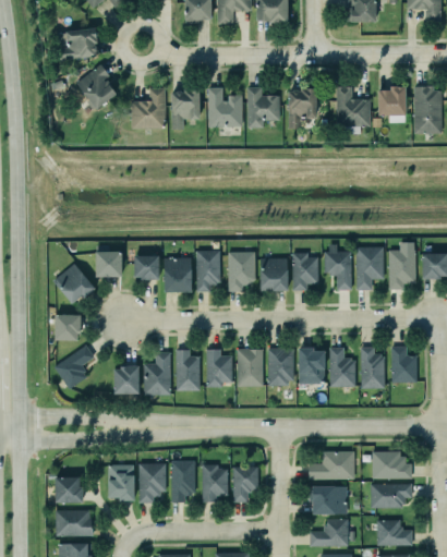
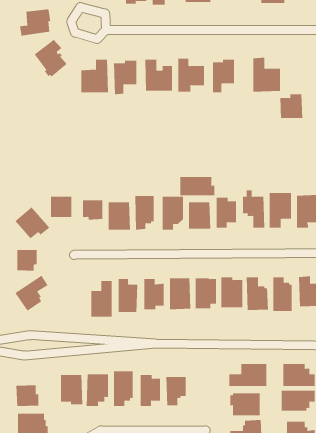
building: [378,86,407,116] -> [279,94,303,119]
building: none -> [180,176,215,196]
building: [114,366,140,395] -> none

